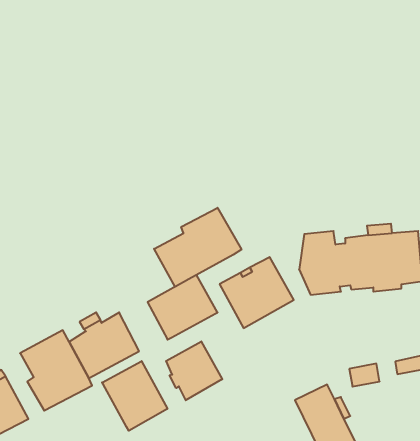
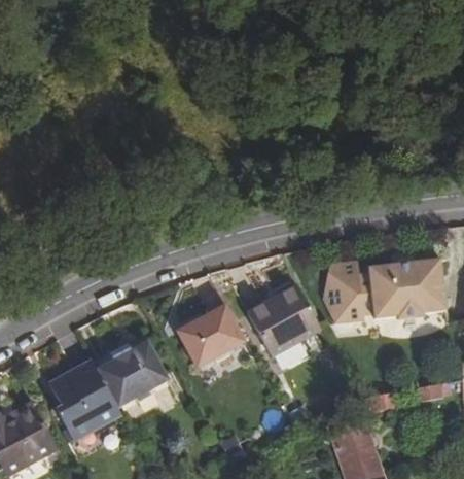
building: [154,208,241,287] -> none
building: [166,341,222,400] -> none
building: [102,361,167,431] -> none

